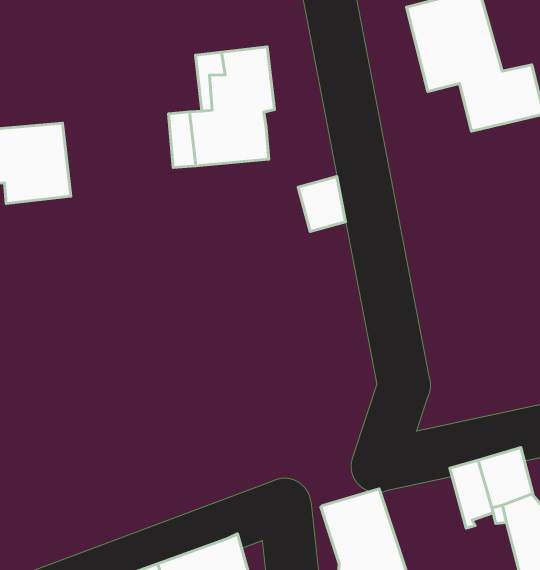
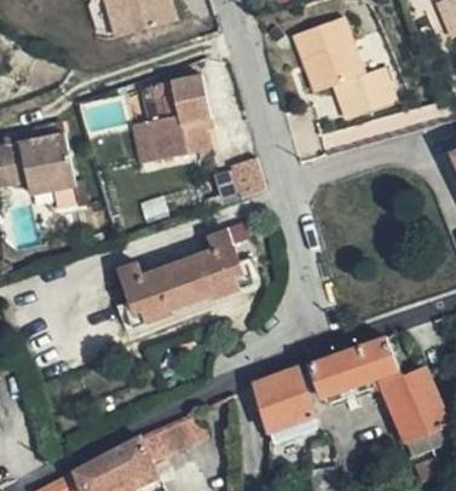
building: none -> [110,227,255,327]
building: none -> [313,356,359,403]

